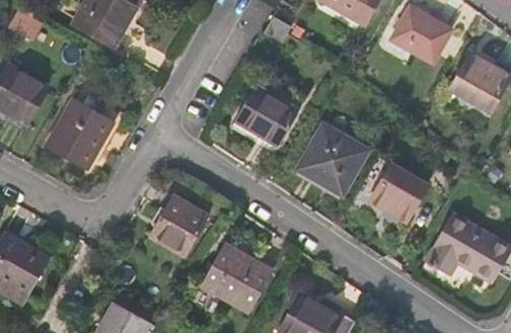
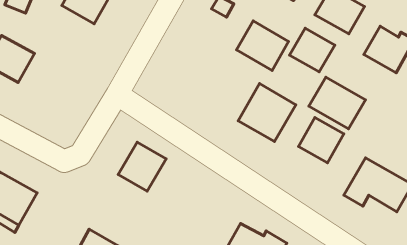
building: none -> [289,28,335,72]
building: [234,85,298,146] -> [236,21,289,71]
building: [46,99,113,168] -> none
building: none -> [309,77,366,129]
building: [200,244,273,312] -> none

